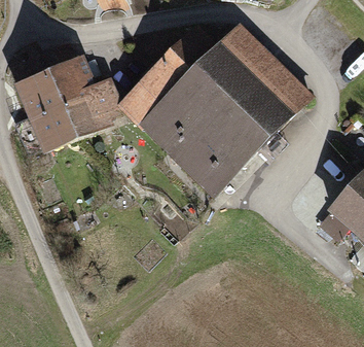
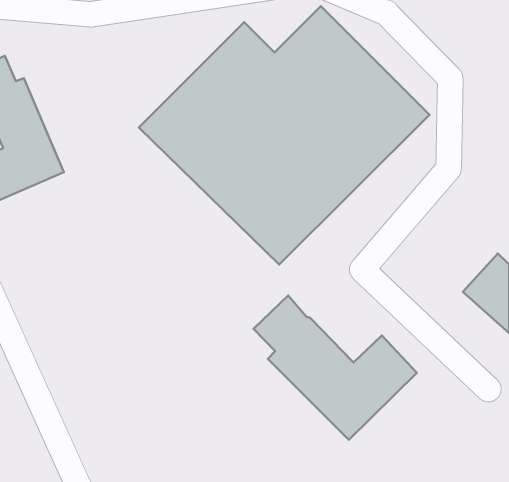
building: [49,45,117,133] -> none
building: none -> [254,296,417,440]

